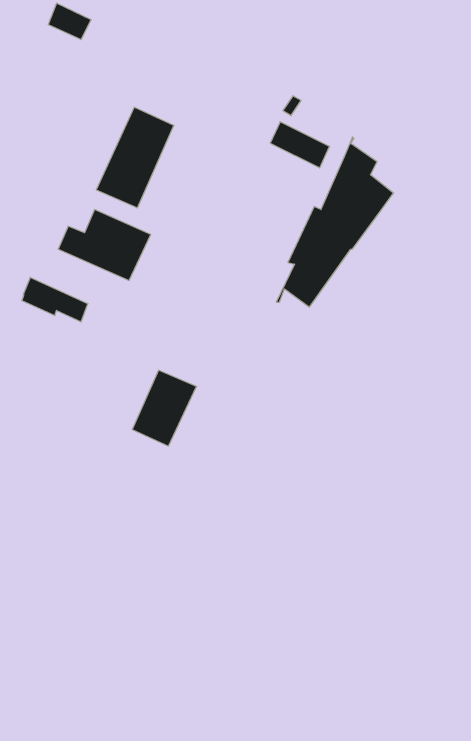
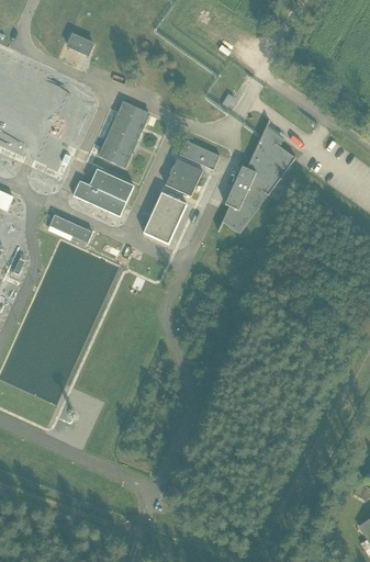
building: [270,122,330,168] -> [180,138,220,169]
building: none -> [165,158,202,195]
building: [132,370,197,446] -> [144,192,187,243]

